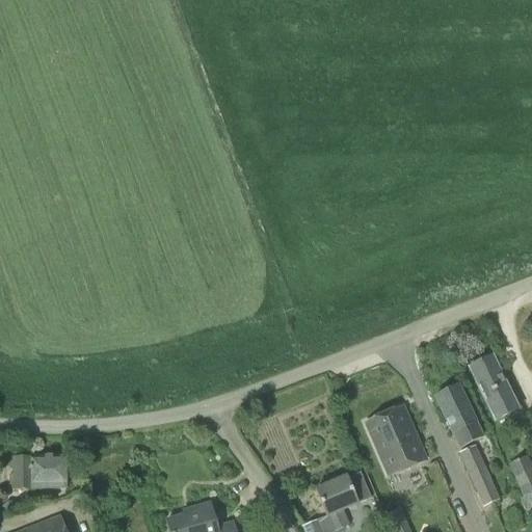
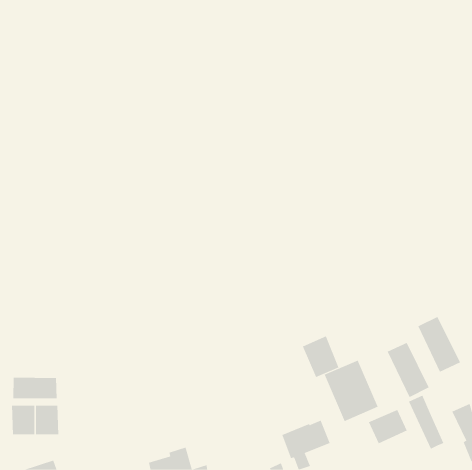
building: none -> [302,336,339,378]
building: none -> [13,377,57,399]
building: none -> [368,409,407,444]

